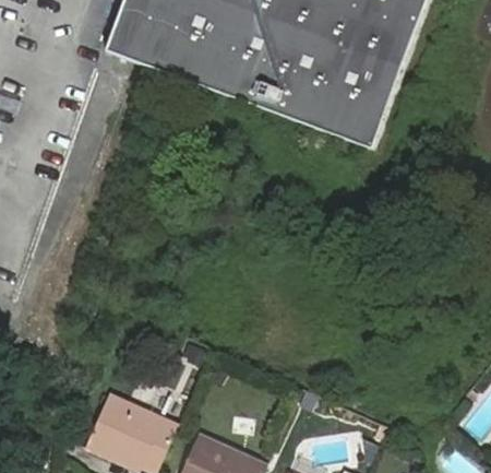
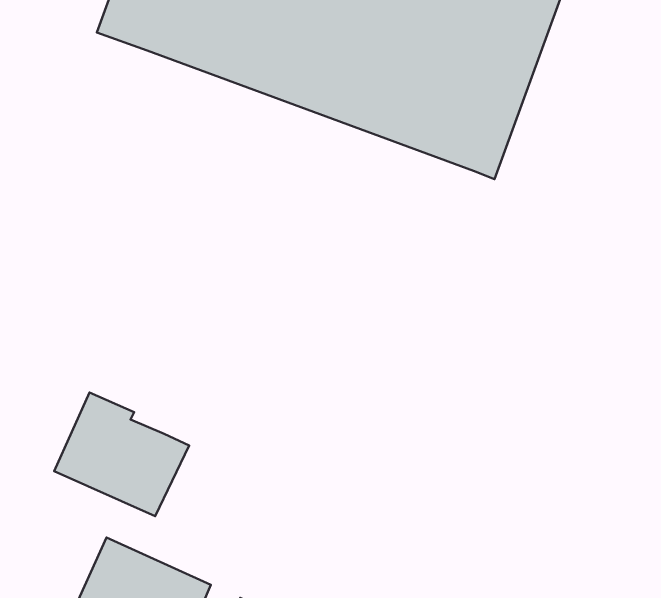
building: none -> [54,393,189,516]

